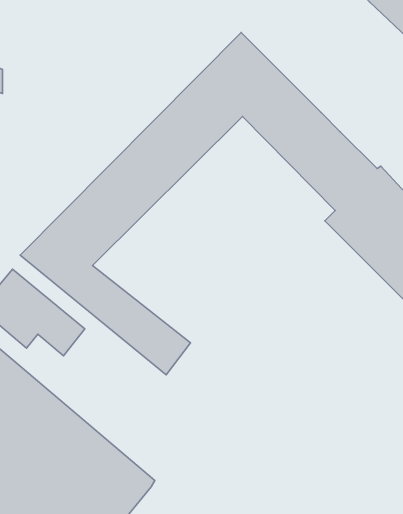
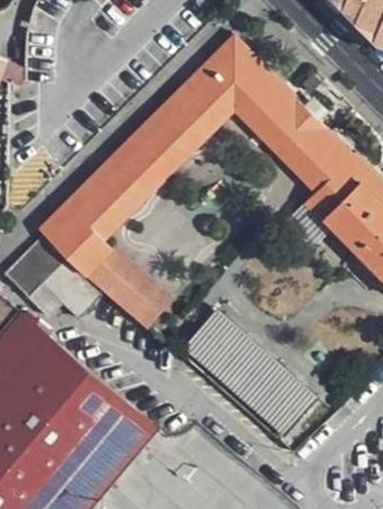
building: none -> [186,312,327,443]

